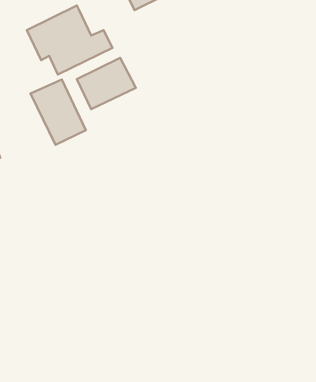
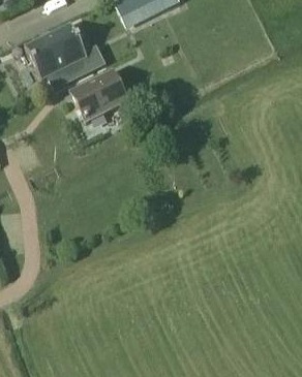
building: [30,80,86,145] -> none

